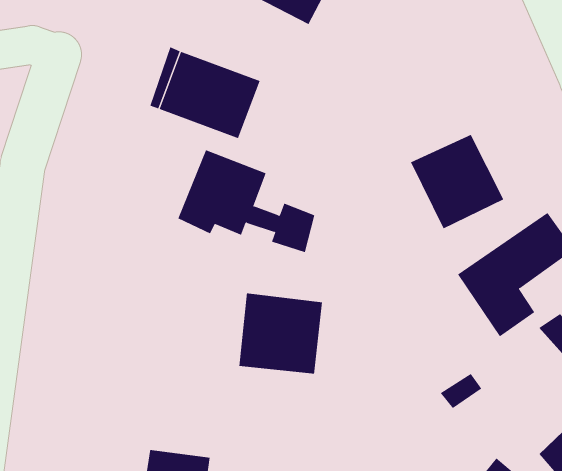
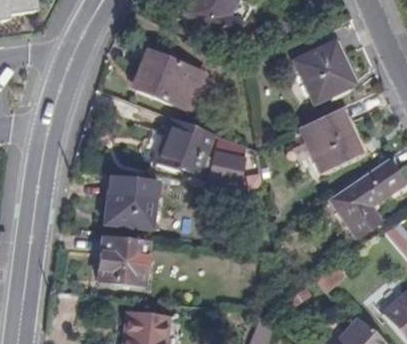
building: none -> [295,42,355,105]
building: [238,293,323,374] -> [105,175,159,227]
building: none -> [99,236,150,285]

